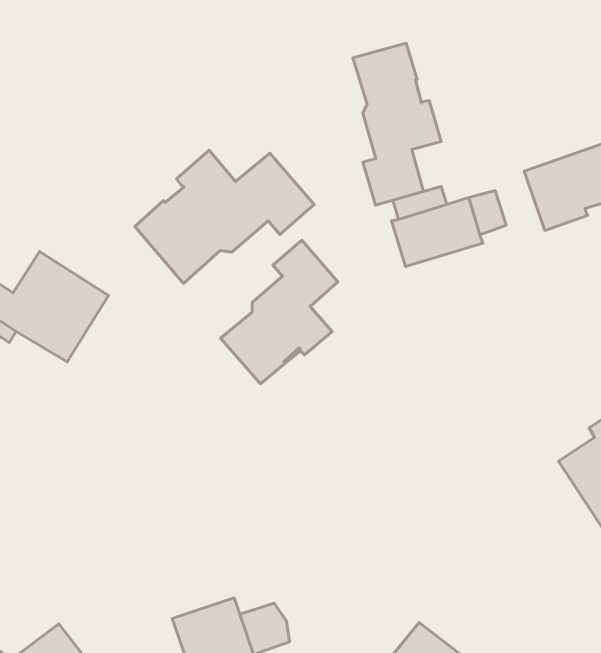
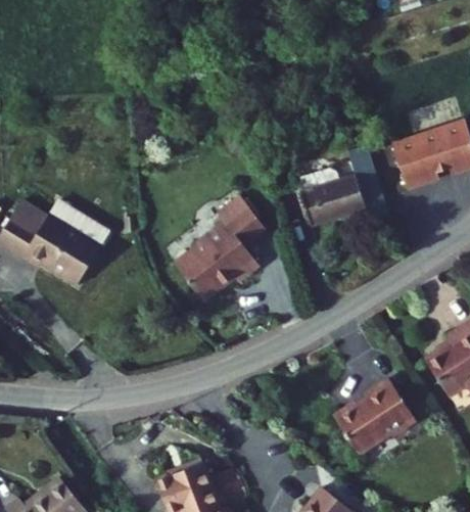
building: [353,43,441,205] -> none
building: [135,150,314,284] -> none
building: none -> [342,375,425,451]

